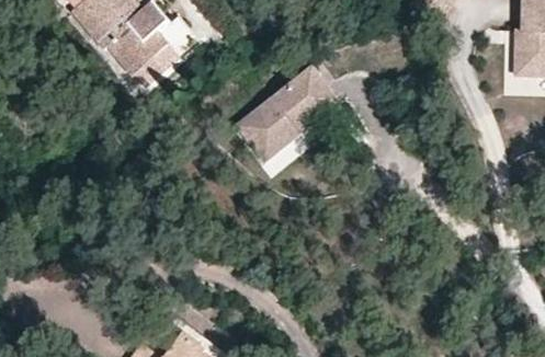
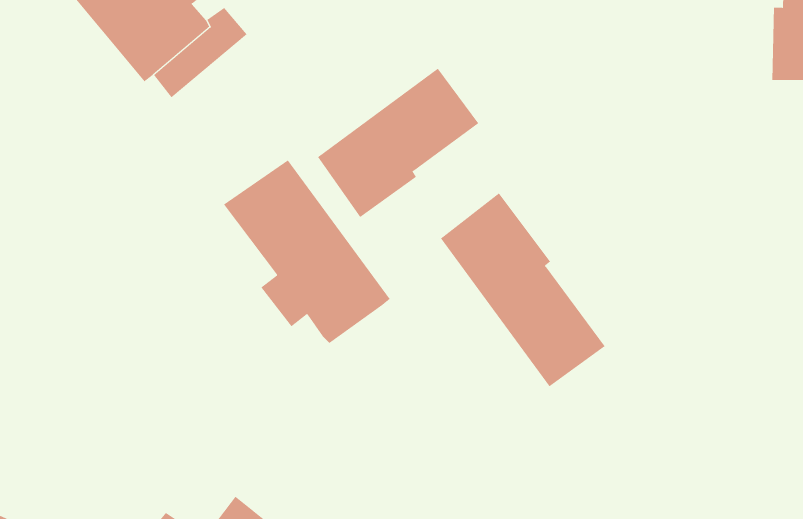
building: none -> [223,159,391,344]
building: none -> [440,193,605,387]

